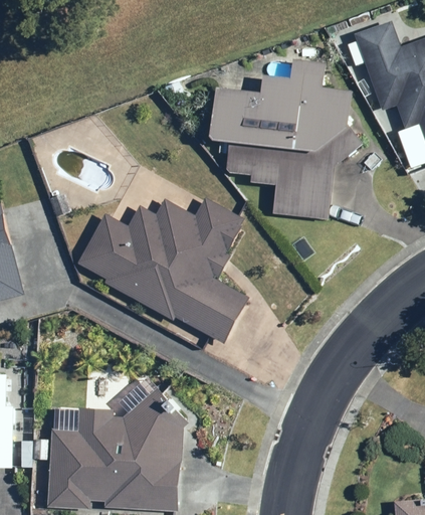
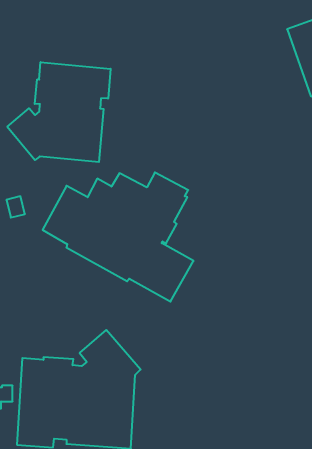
building: [218,60,364,218] -> none
building: none -> [7,62,111,162]

